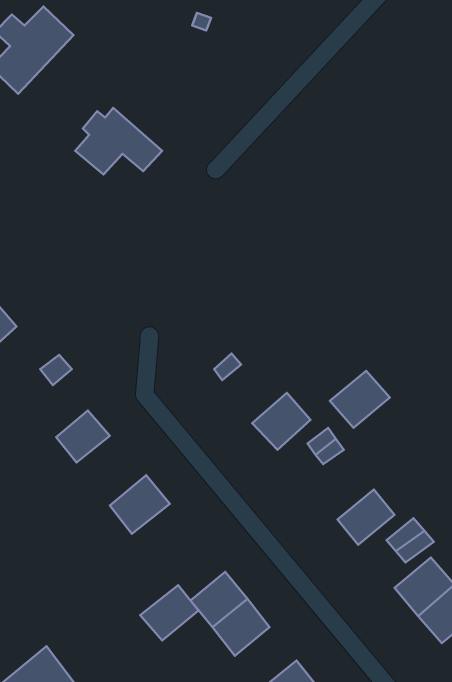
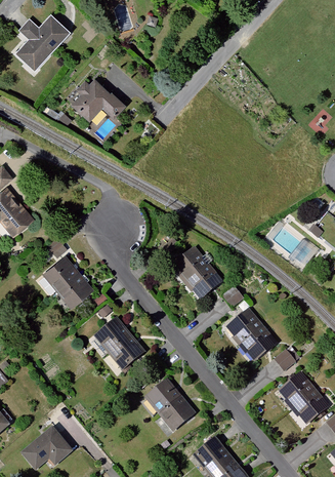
building: none -> [171,245,208,282]
building: [330,371,390,428] -> [225,308,264,345]
building: none -> [43,255,79,291]
building: [140,585,199,640] -> [108,334,145,370]

